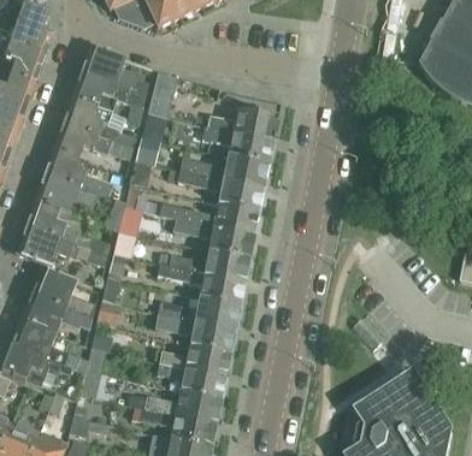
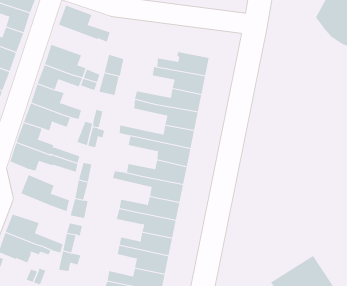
building: [147,70,178,116] -> none
building: [71,71,146,111] -> none
building: [20,292,93,331] -> none

